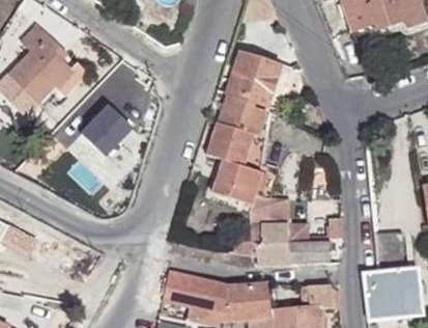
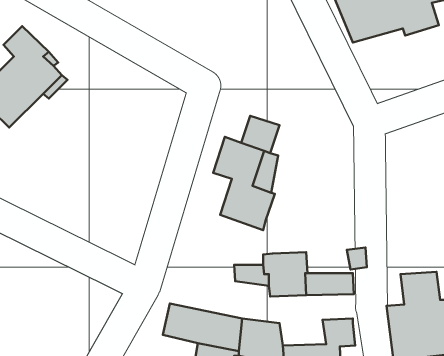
building: [227,52,291,110] -> none
building: [74,108,124,159] -> none
building: [250,197,289,227] -> none

